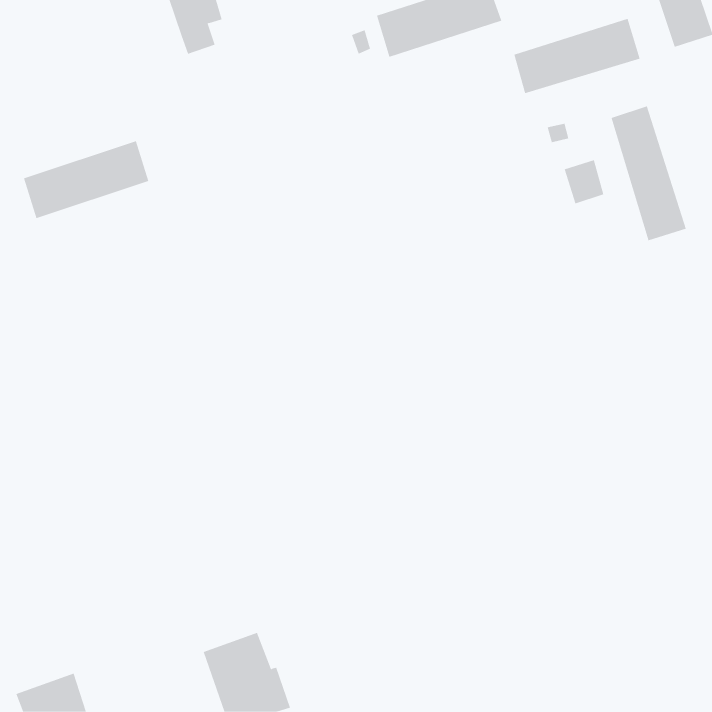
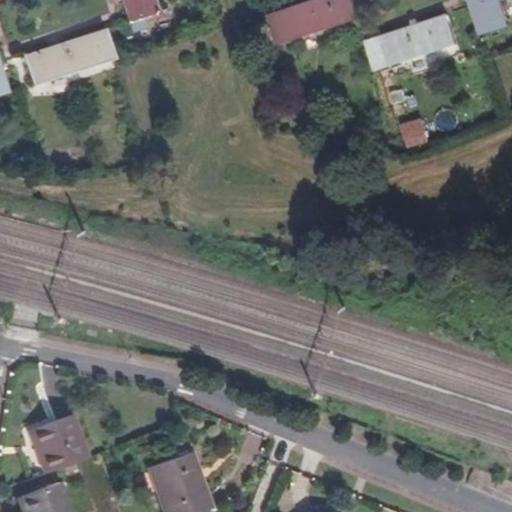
building: [611,105,687,241] -> none
building: [23,140,149,219] -> [25,30,115,86]
building: none -> [25,417,82,474]

